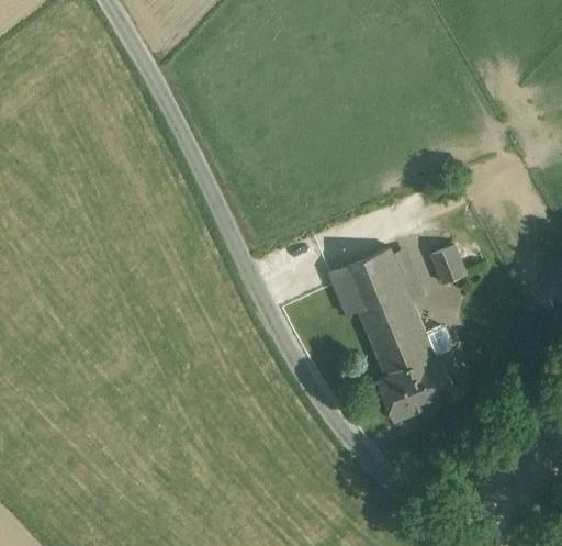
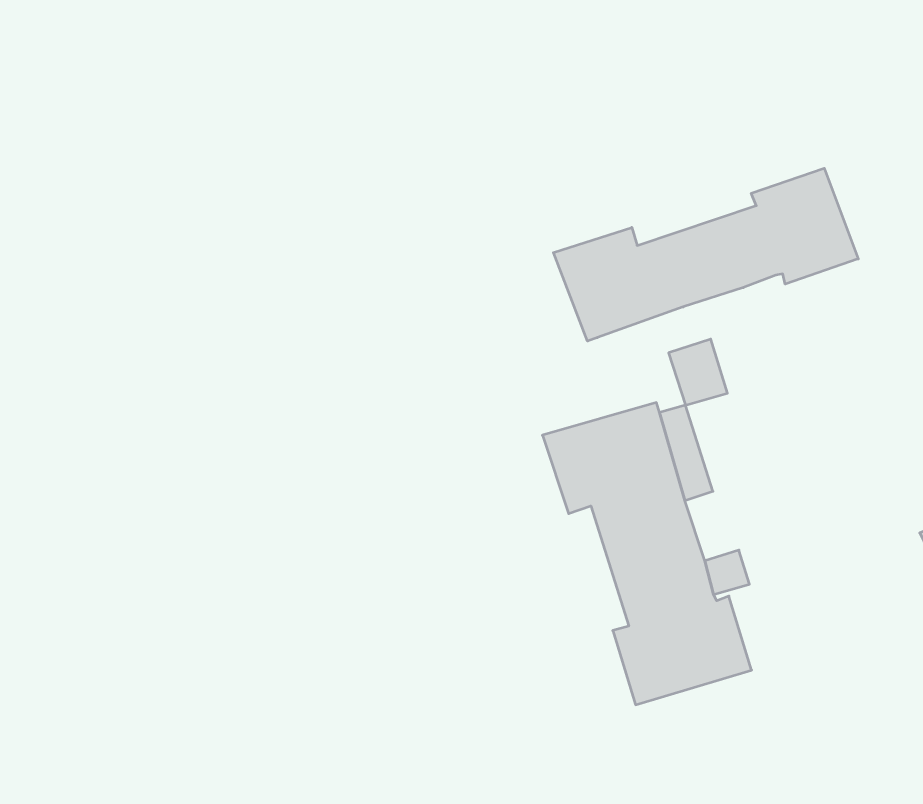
building: none -> [553,168,858,341]
building: [430,247,465,286] -> [669,339,727,405]

